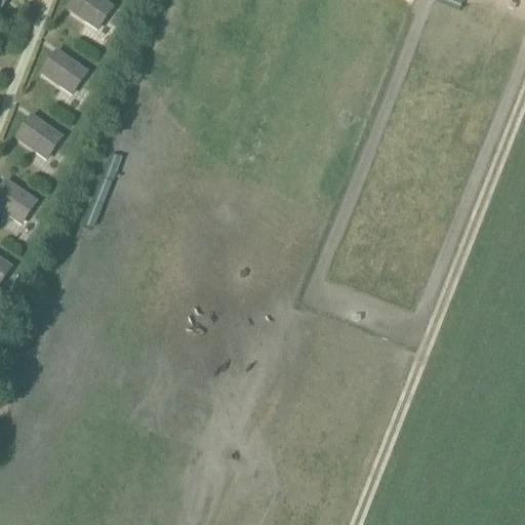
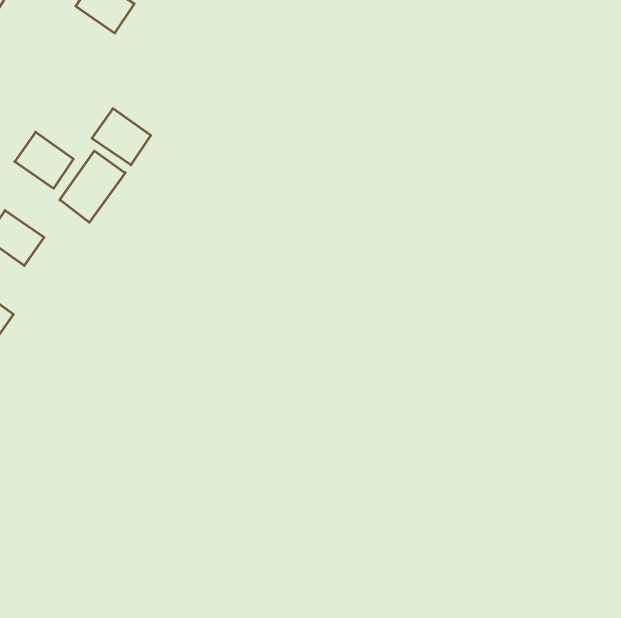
building: [38,46,87,93] -> [92,109,151,165]
building: none -> [60,151,125,222]

